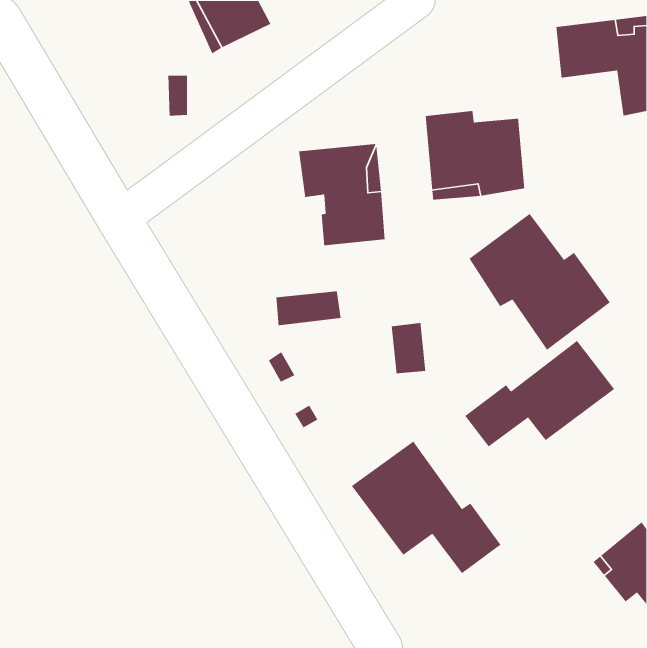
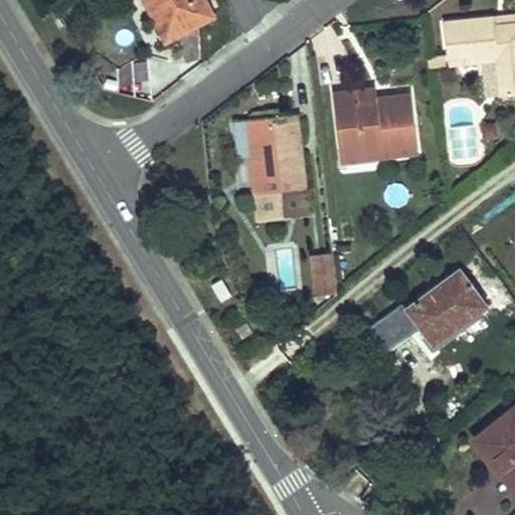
building: [468,213,611,351] -> none
building: [275,291,341,326] -> [256,190,309,218]
building: [351,440,502,574] -> none

